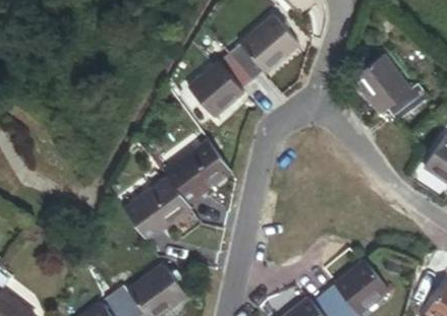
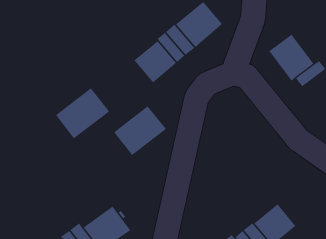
building: [123,178,189,241] -> [55,88,109,139]

